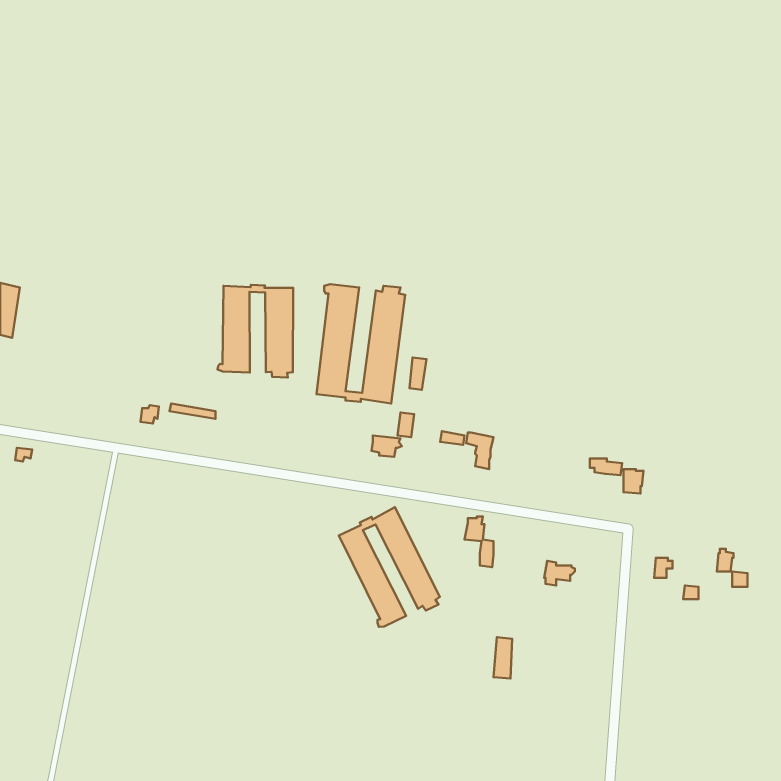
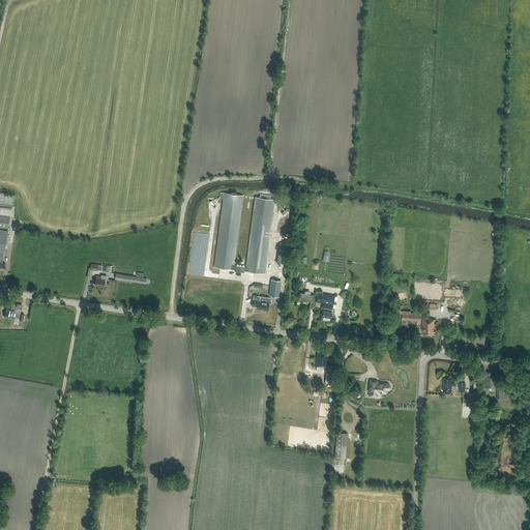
building: [217,285,293,378] -> none
building: [339,507,440,627] -> none

